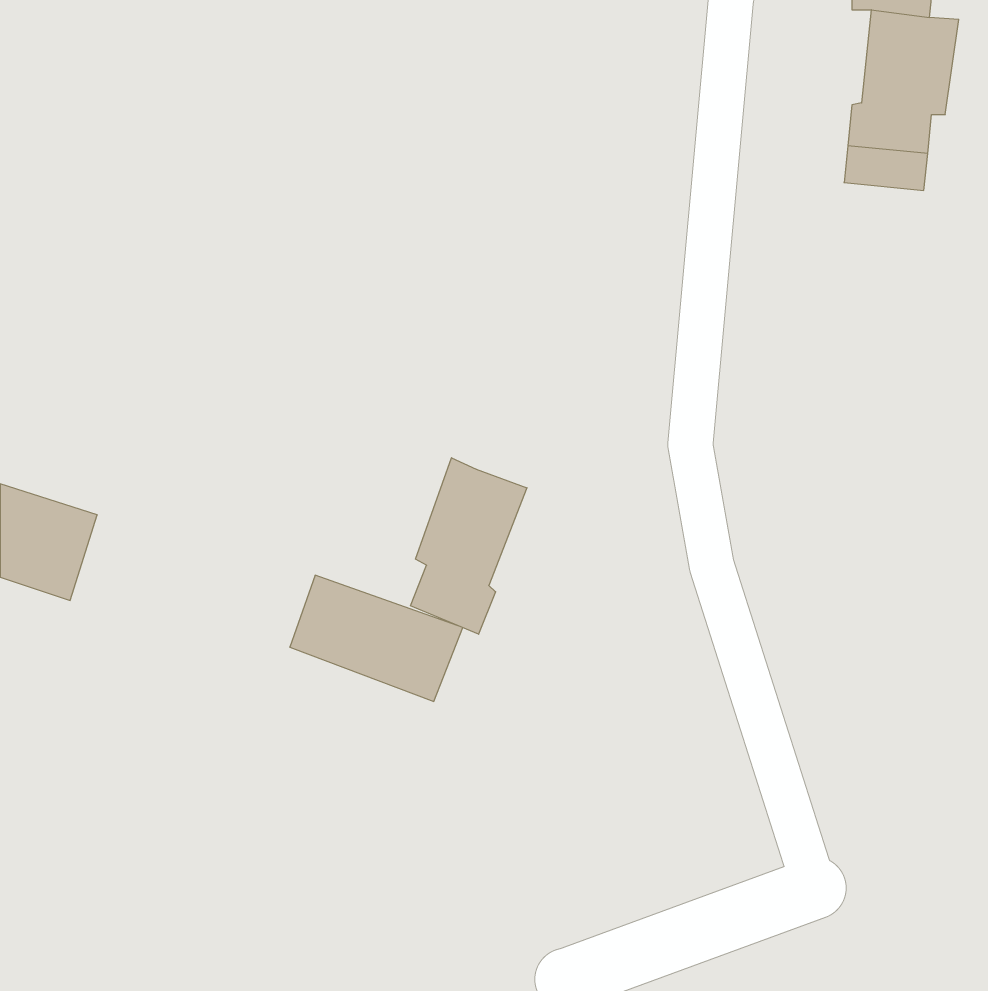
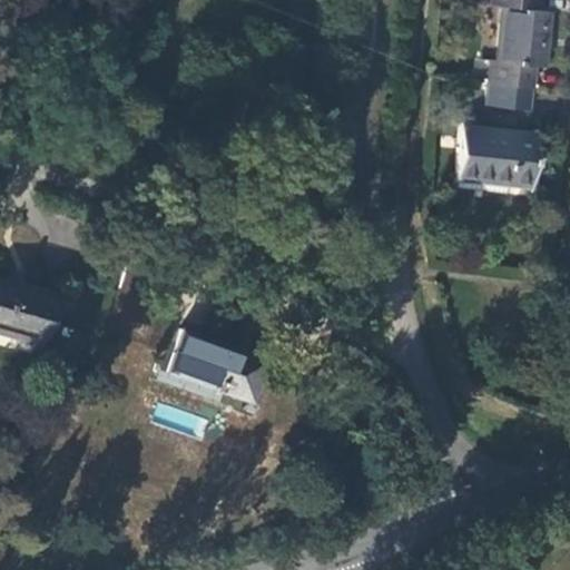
building: none -> [454,124,537,197]
building: [411,458,527,634] -> none

